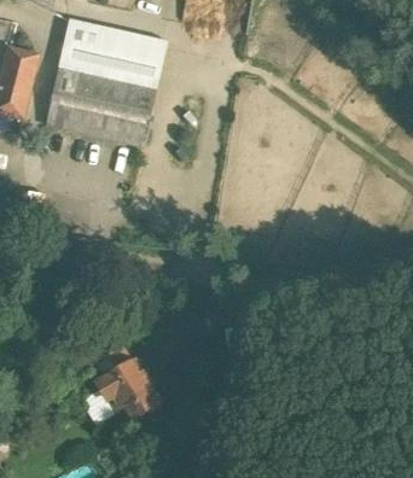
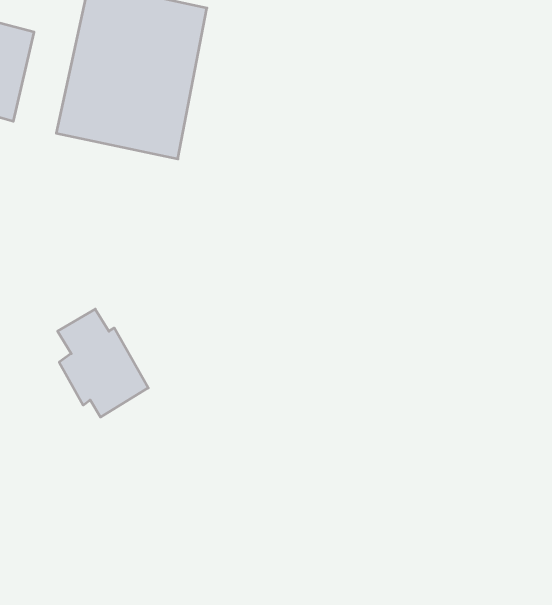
building: [95,346,159,422] -> [58,309,148,417]

